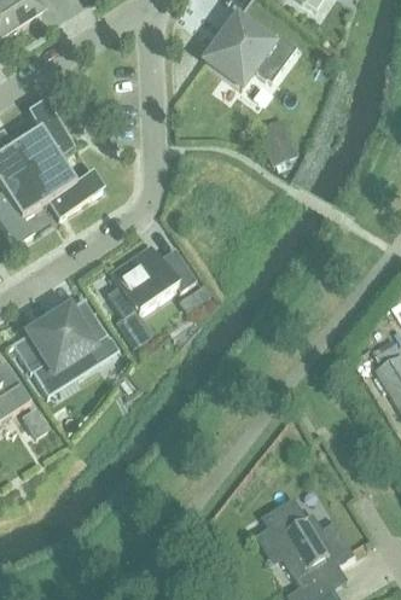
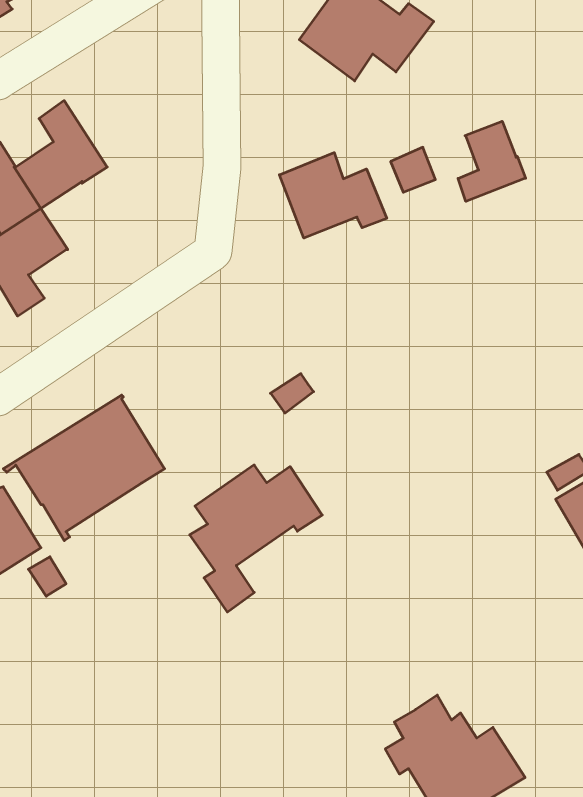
building: none -> [458,121,526,201]
building: none -> [279,153,387,238]
building: [30,156,103,219] -> none
building: [106,247,196,346] -> [190,465,322,612]

